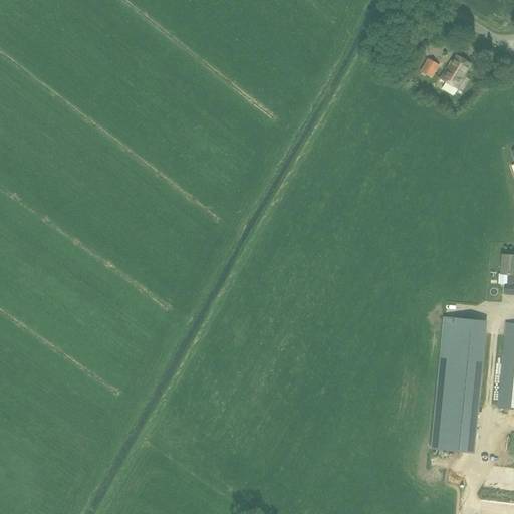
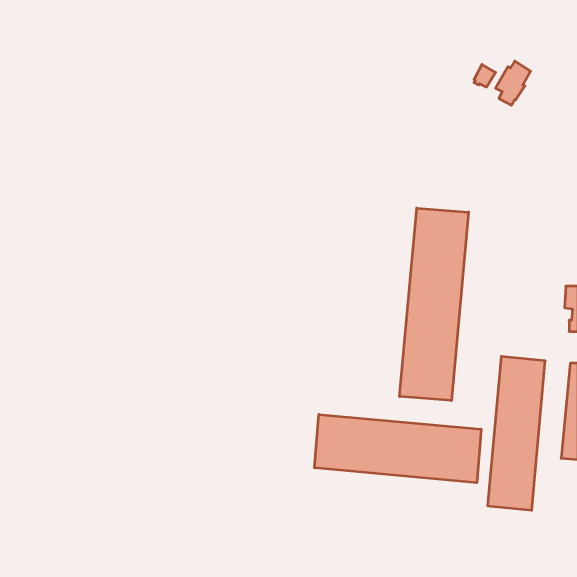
building: none -> [400,208,469,401]
building: none -> [315,414,481,483]

